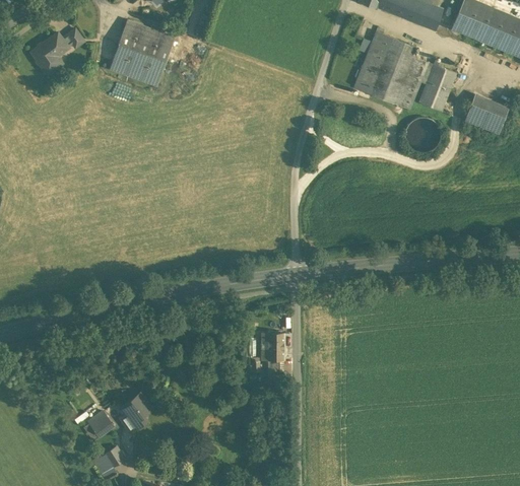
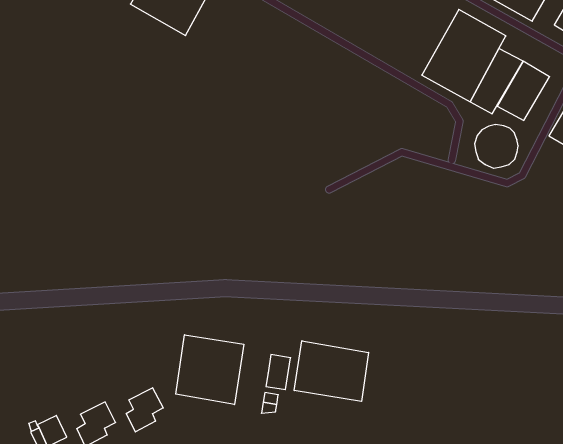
building: none -> [294,341,369,401]
building: none -> [176,335,244,405]
building: none -> [126,388,163,432]

